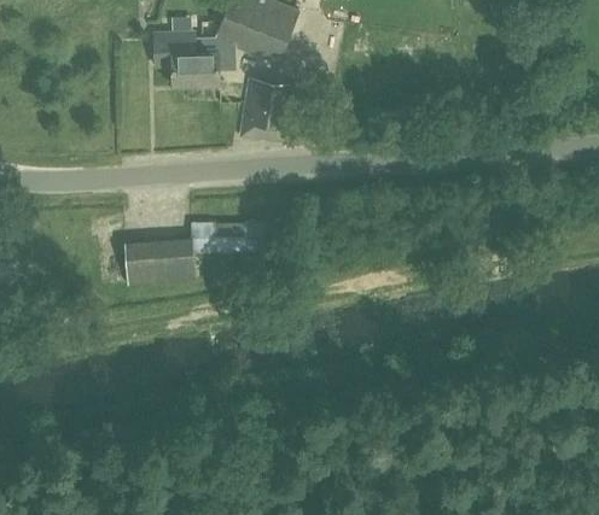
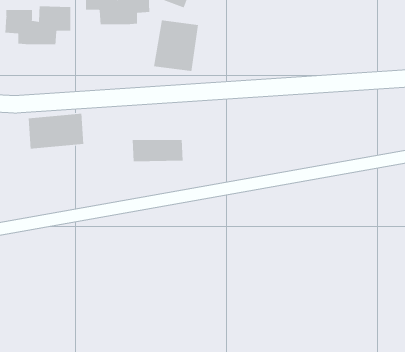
building: none -> [5,5,71,45]
building: [124,239,194,283] -> [28,113,84,149]

